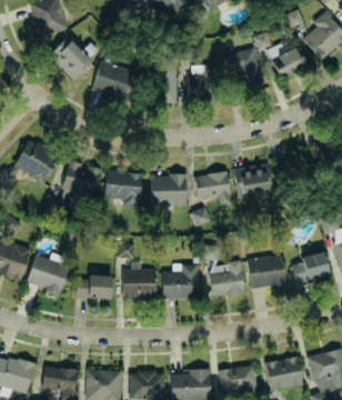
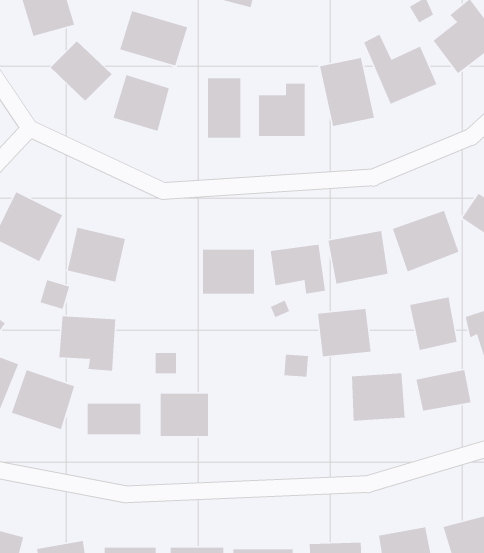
building: none -> [119,10,188,67]
building: [103,170,141,207] -> [59,315,116,371]
building: none -> [409,296,458,351]
building: [162,263,198,297] -> none
building: [208,263,243,296] -> [317,308,371,357]

